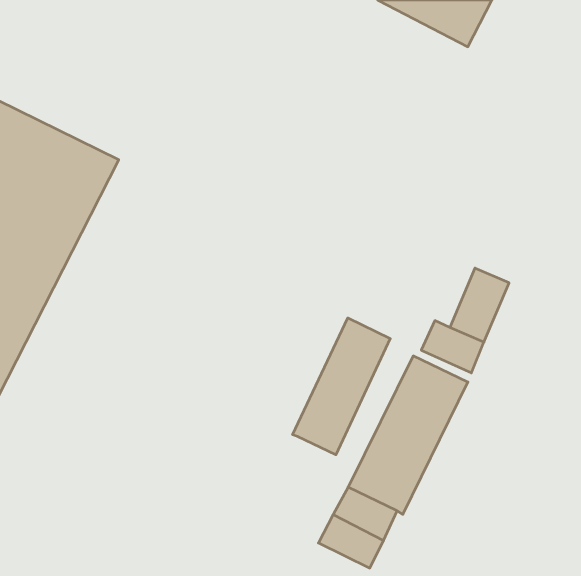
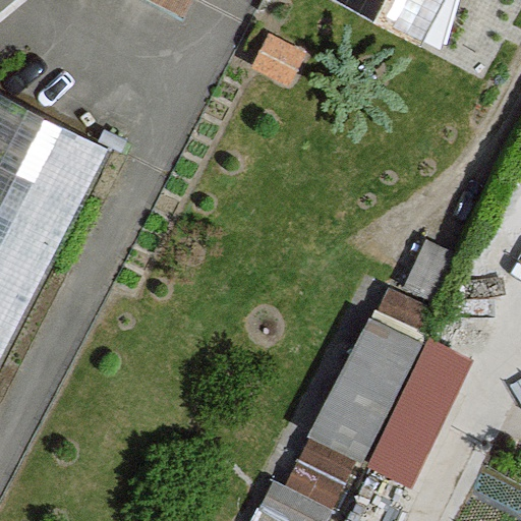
building: [293,318,390,455] -> none
building: none -> [368,343,469,488]

